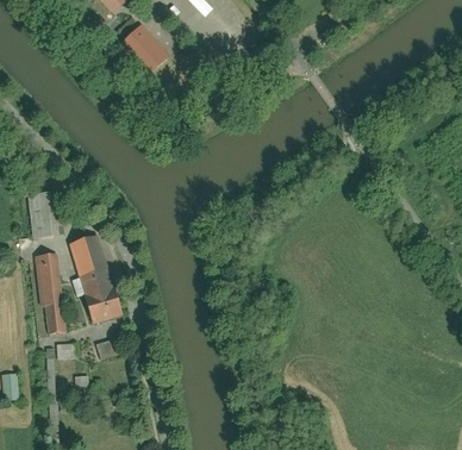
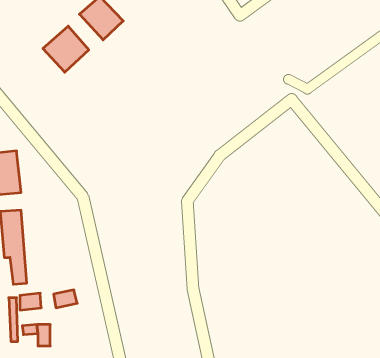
building: none -> [43,26,89,72]
building: [69,235,120,321] -> none

